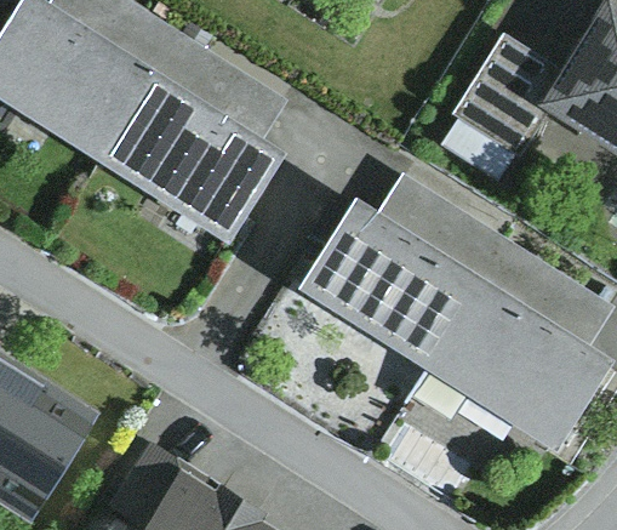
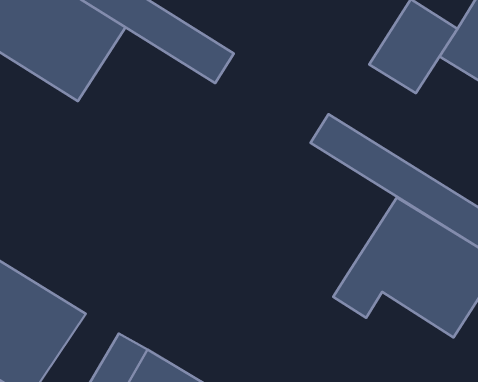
building: [97,68,285,243] -> none
building: [299,196,486,369] -> none

